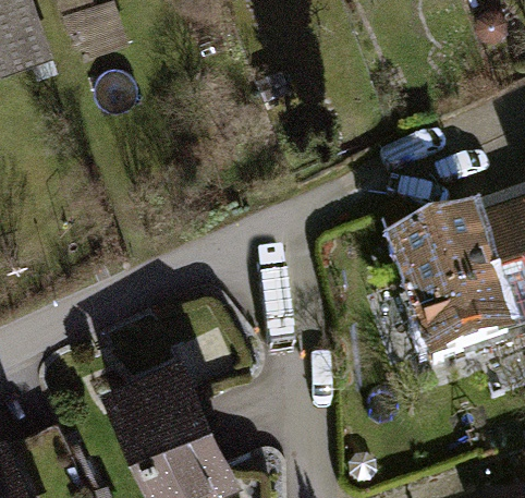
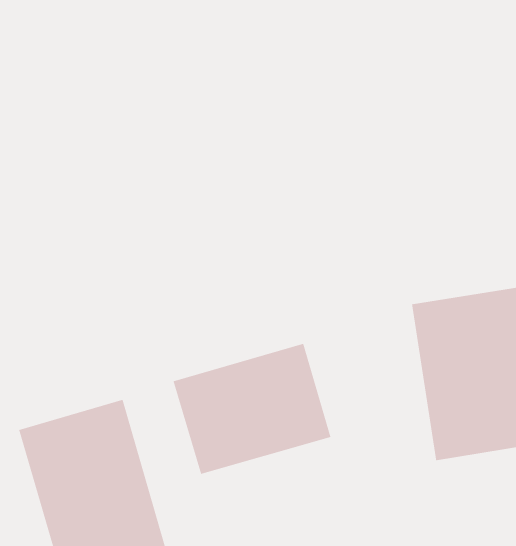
building: none -> [172,343,331,475]

